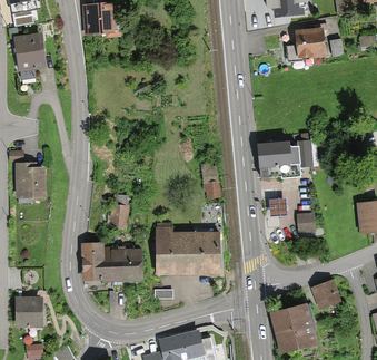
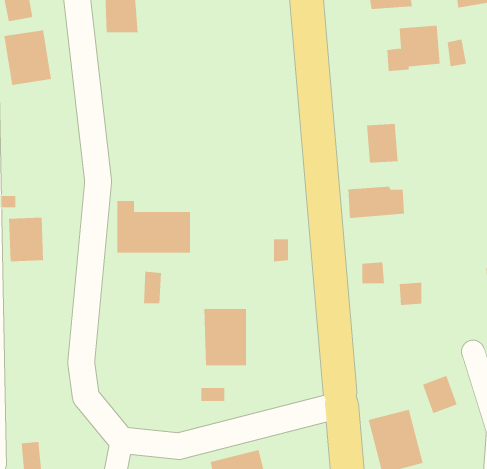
building: none -> [367,123,398,163]
building: [187,231,218,272] -> none
building: [85,242,138,280] -> [116,201,191,253]
building: [16,296,39,322] -> none

